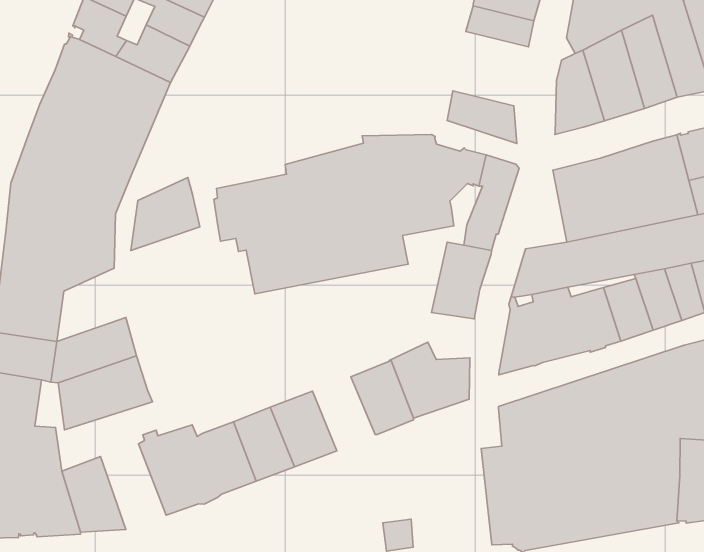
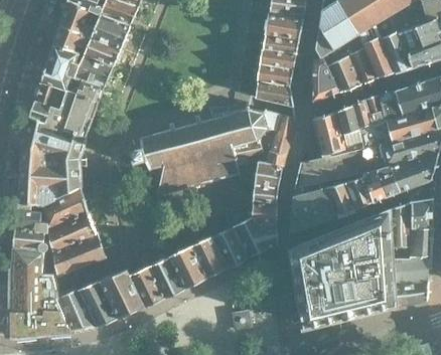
building: none -> [257,47,296,85]
building: [131,177,200,251] -> [52,186,89,227]
building: none -> [252,199,276,224]
building: none -> [191,236,227,277]
building: none -> [80,280,117,326]

